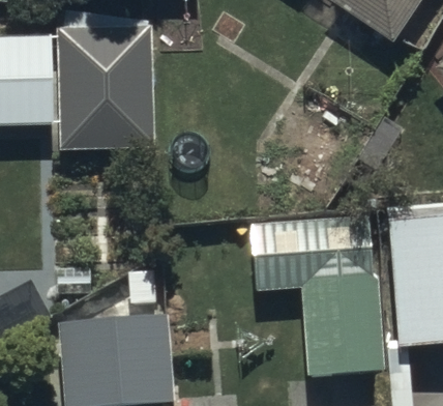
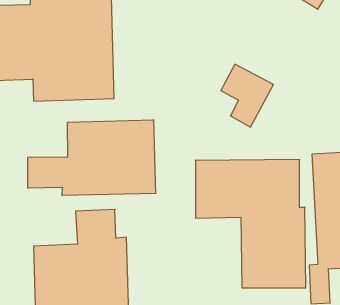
building: none -> [28,120,156,196]

